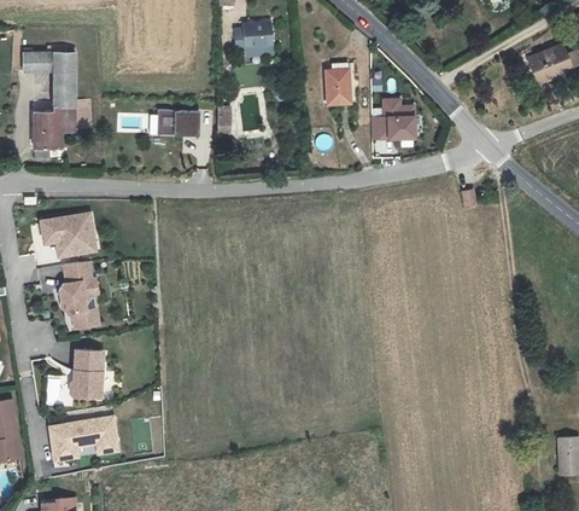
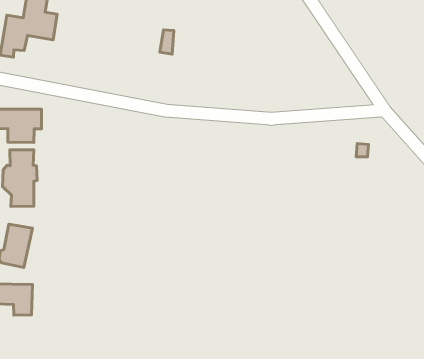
building: [323,69,351,108] -> none
building: [372,98,415,143] -> none
building: [154,111,198,137] -> none

